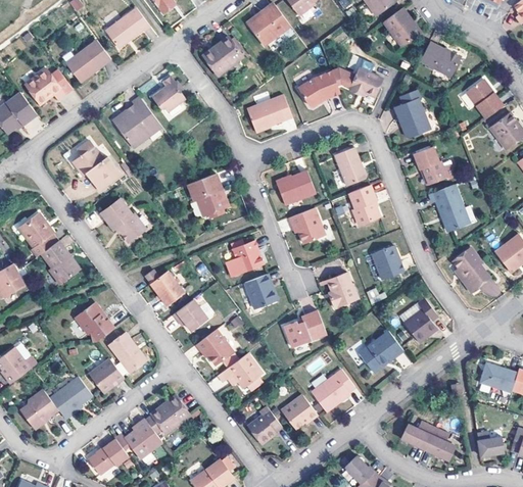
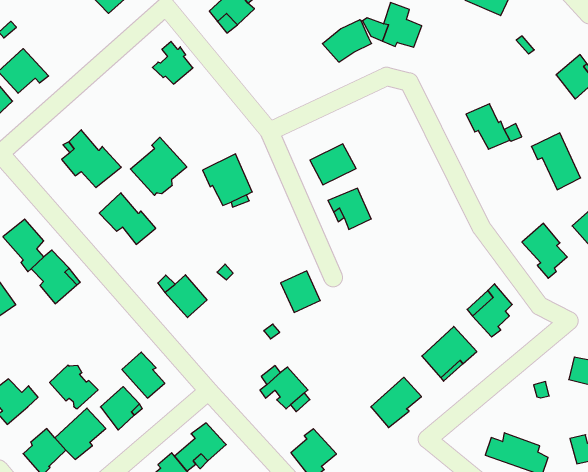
building: [69,40,113,84] -> none
building: [465,78,505,118] -> none
building: [397,88,436,138] -> none
building: [244,93,290,132] -> none
building: [113,96,160,144] -> [130,137,187,195]
building: [335,148,367,186] -> none
building: [349,187,380,228] -> none
building: [430,187,469,234] -> [531,133,581,190]
building: [229,241,265,276] -> none
building: [367,247,401,281] -> none
building: [328,274,359,308] -> none
building: [173,297,207,329] -> none
building: [74,303,113,340] -> [50,365,98,409]
building: [285,311,327,348] -> none
building: [197,327,234,361] -> none
building: [281,394,318,428] -> none

